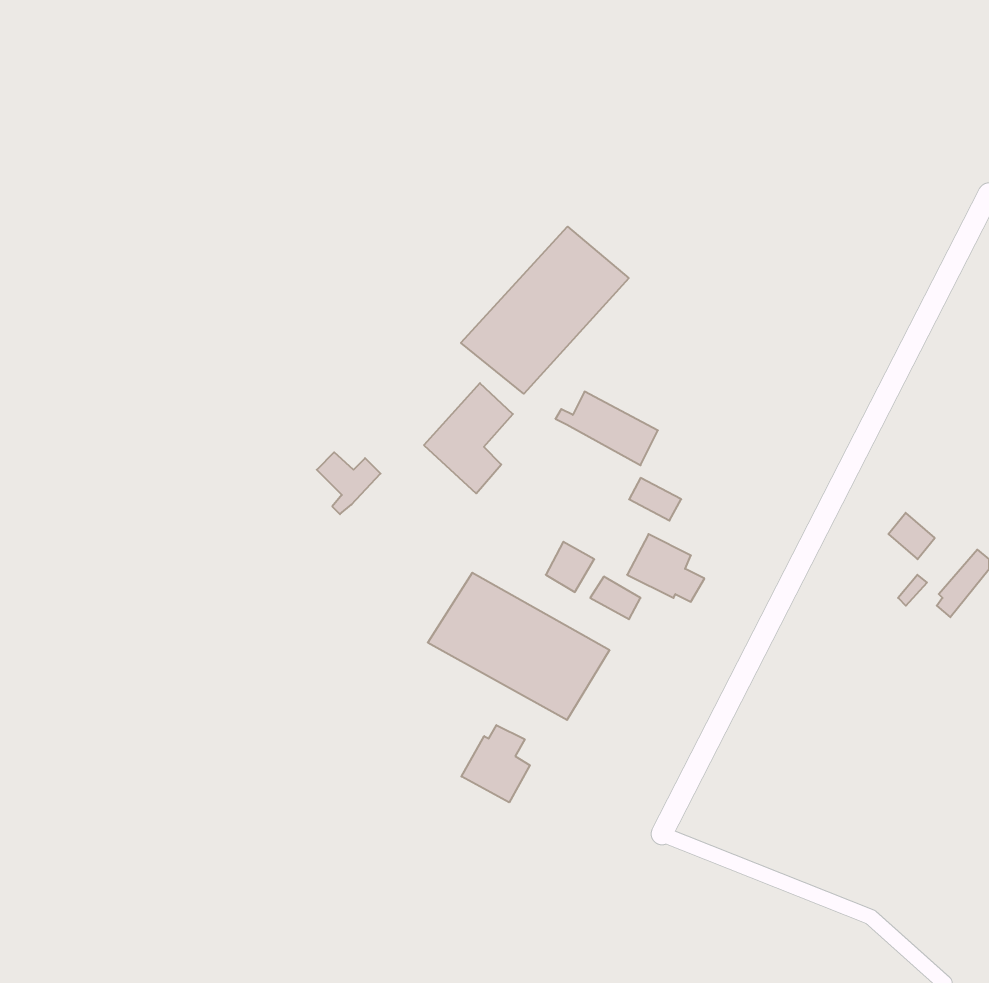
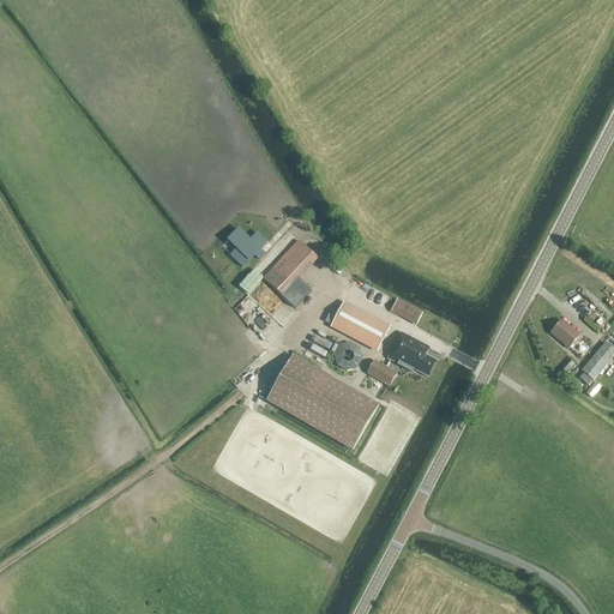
building: [461,227,629,394] -> none
building: [555,392,658,465] -> [325,302,389,348]
building: [317,452,381,514] -> [228,227,267,265]
building: [461,725,530,802] -> none

